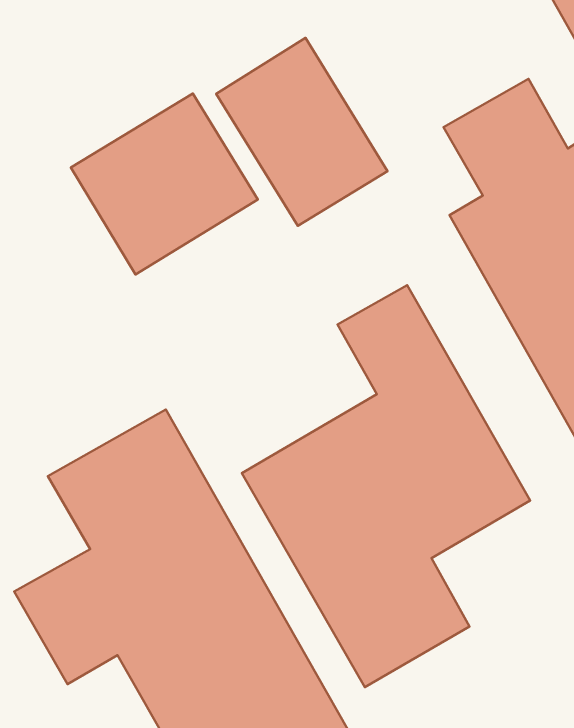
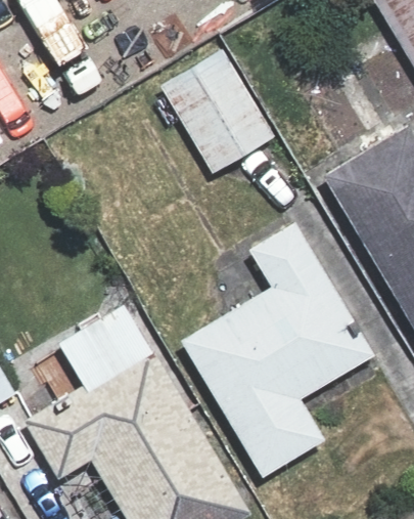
building: [71,94,258,275] -> none

